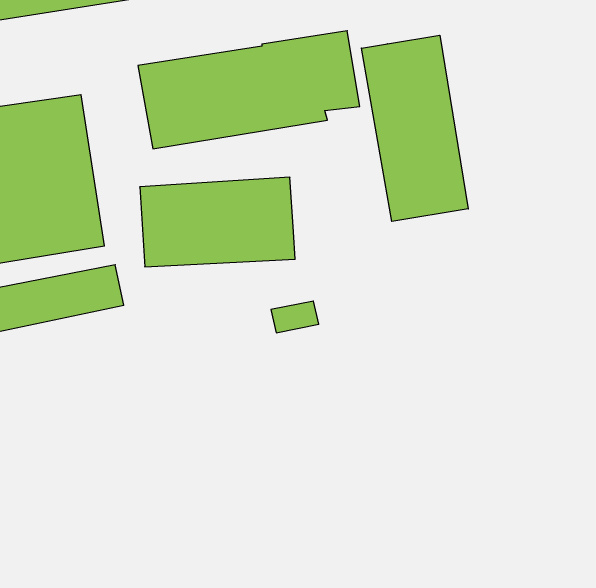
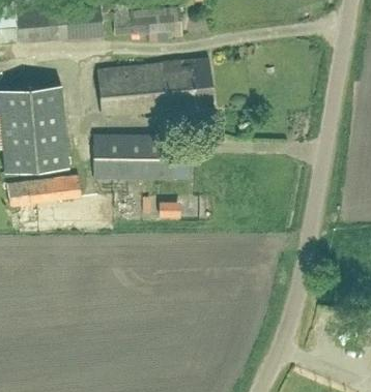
building: [361,35,468,221] -> none

